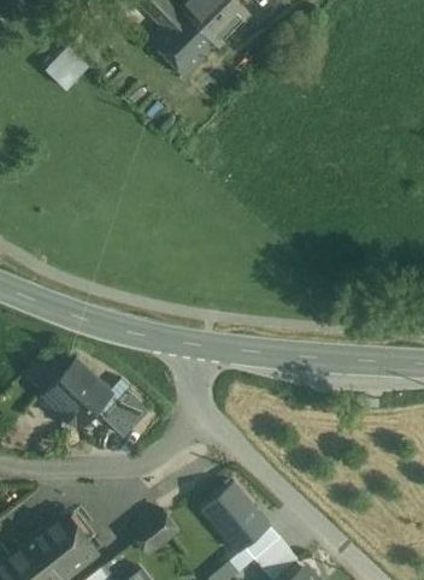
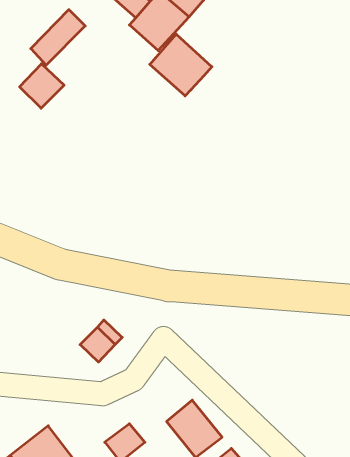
building: none -> [150,34,212,96]
building: none -> [20,64,64,108]
building: [43,361,110,427] -> none

